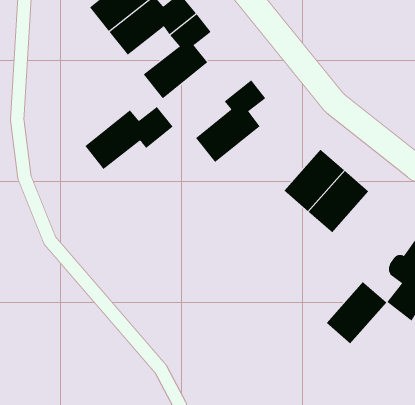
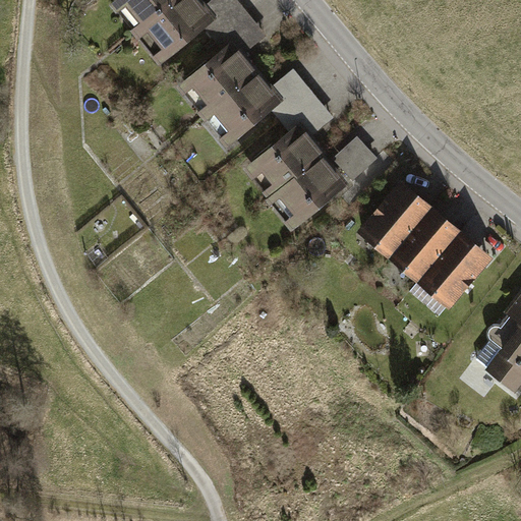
building: [84,106,173,170] -> [206,73,316,153]
building: none -> [271,137,379,231]
building: [326,281,387,344] -> [417,238,494,316]

